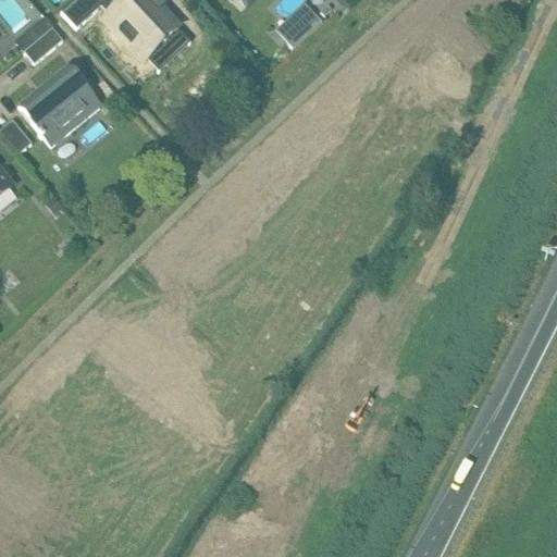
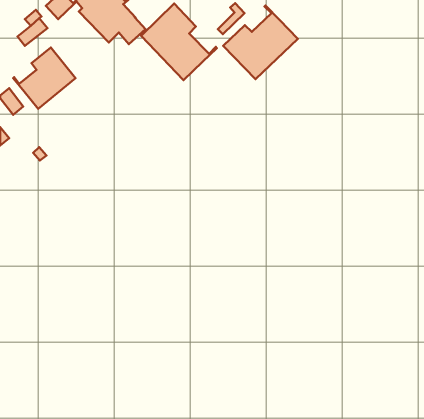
building: none -> [141,4,217,80]
building: none -> [223,6,298,79]

